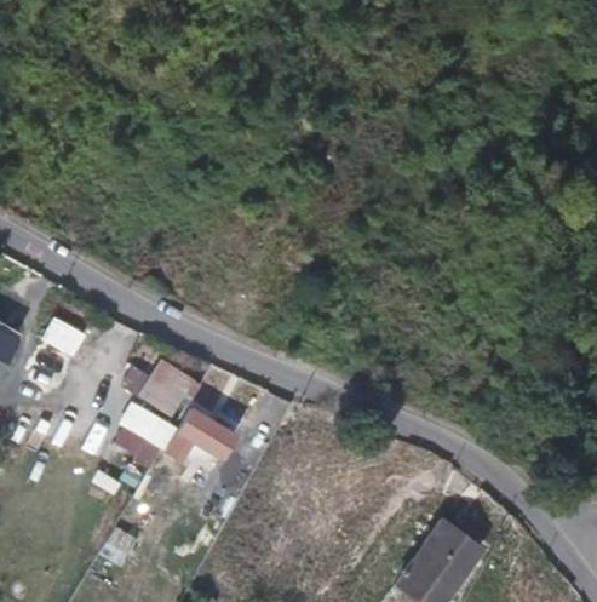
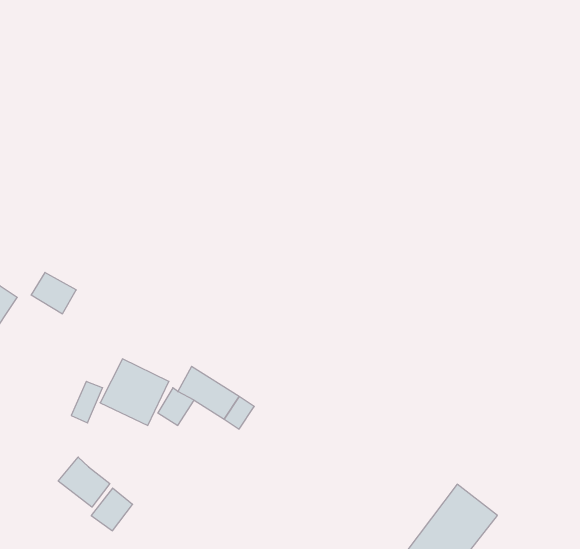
building: [115,355,194,418] -> none
building: none -> [58,457,110,507]

